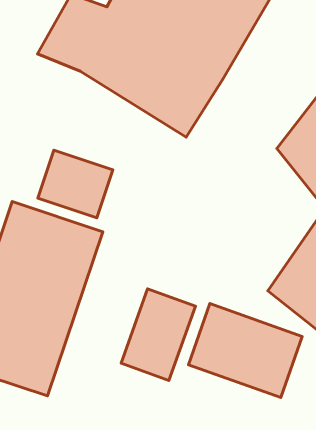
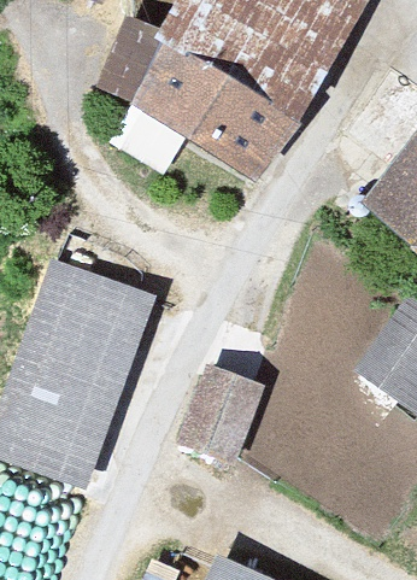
building: [38,150,113,218] -> none
building: [188,304,302,398] -> none

